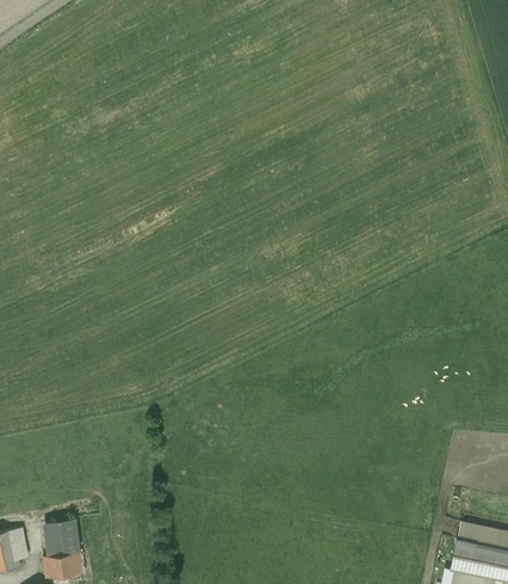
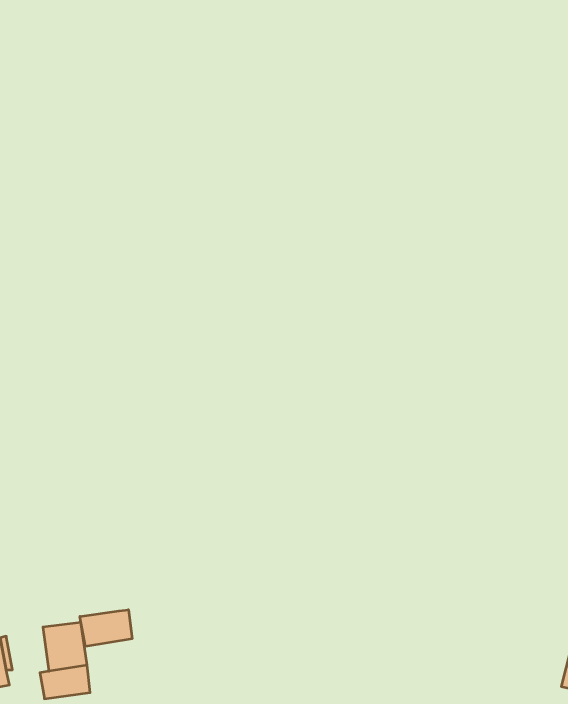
building: none -> [80,610,132,646]

